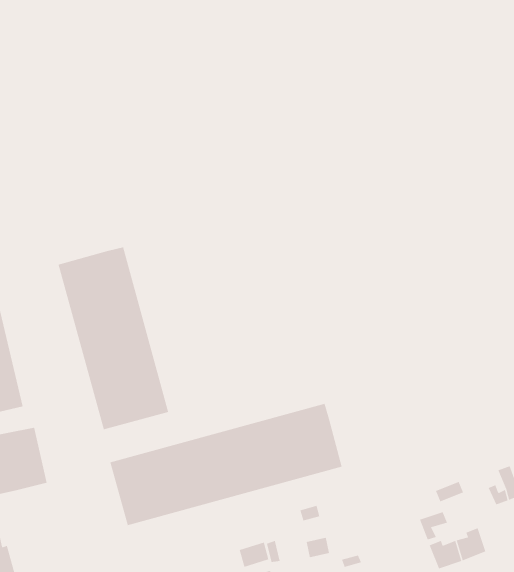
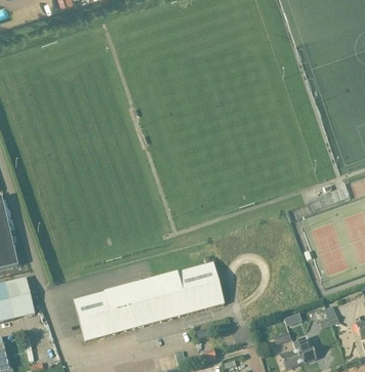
building: [58,246,169,430] -> none

